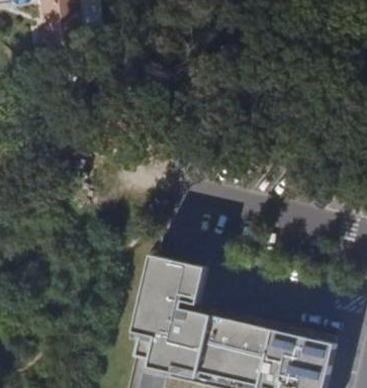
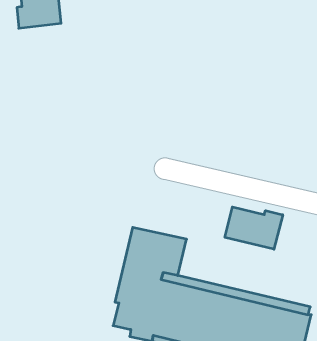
building: none -> [225,207,283,249]

